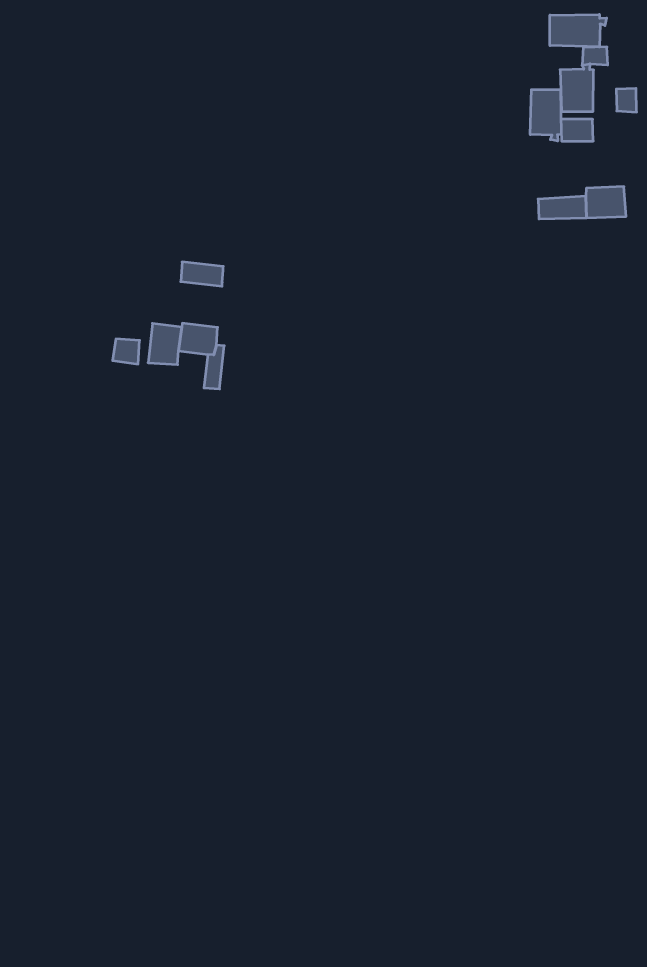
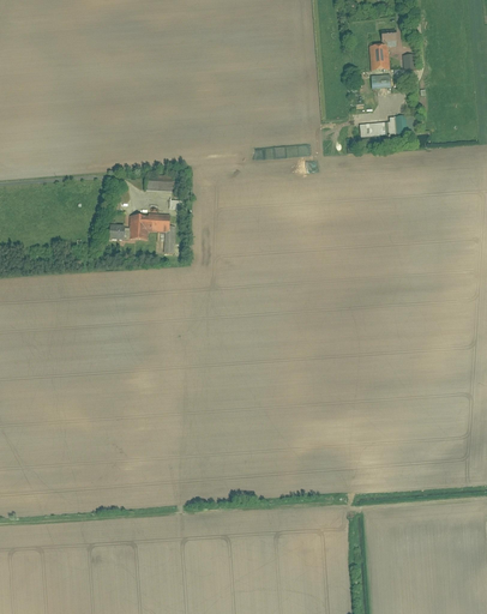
building: [550,14,607,47] -> none
building: [530,90,561,141] -> none

